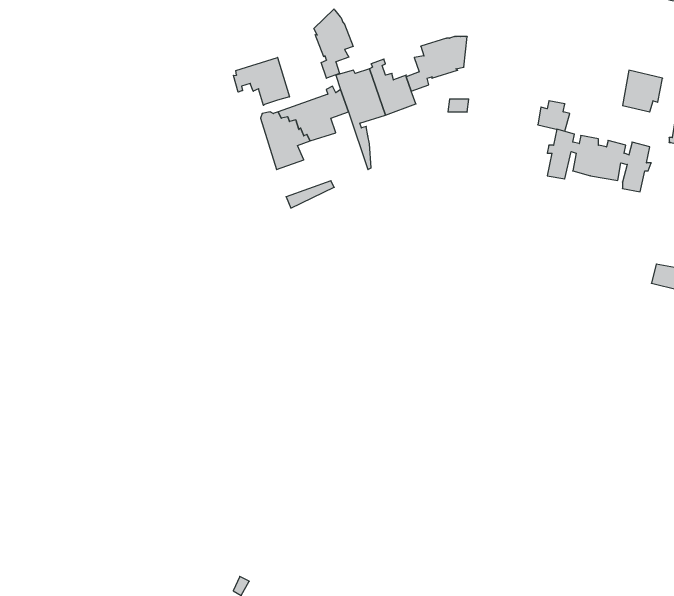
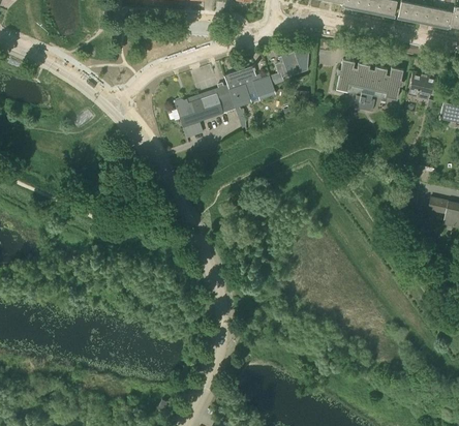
building: [314,9,353,78] -> none
building: [233,57,289,105] -> none
building: [547,129,651,192] -> [337,59,404,99]

